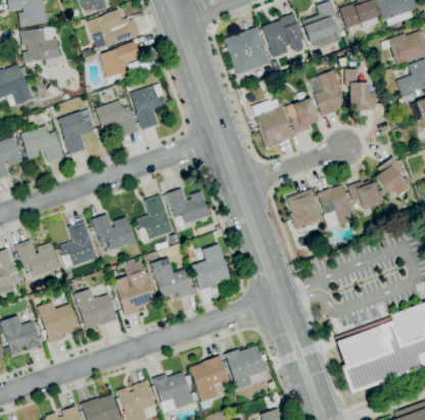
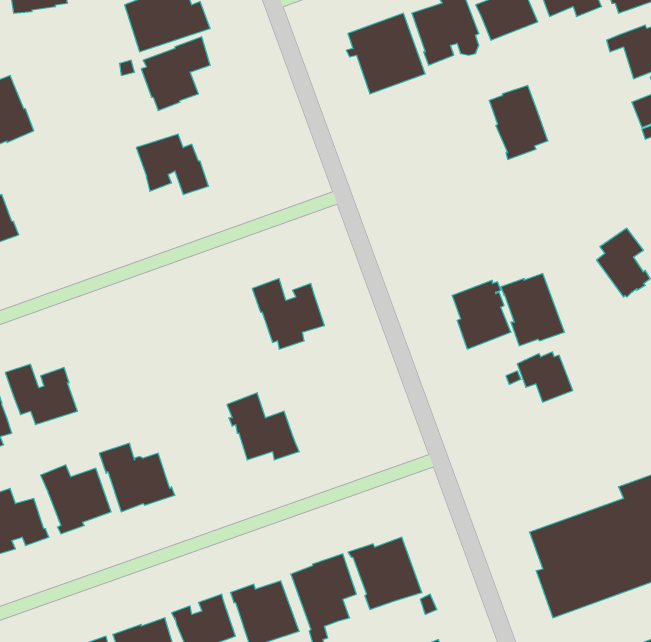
building: [20,28,59,62] -> none
building: [345,69,375,110] -> none
building: [131,84,167,131] -> none
building: [290,97,319,134] -> none
building: [251,99,292,147] -> none
building: [58,109,94,154] -> none
building: [20,126,64,161] -> none
building: [348,180,382,211] -> [517,352,573,402]
building: [136,195,173,241] -> none
building: [92,215,135,250] -> none
building: [60,222,96,269] -> none
building: [192,244,231,291] -> none
building: [113,261,155,317] -> none

